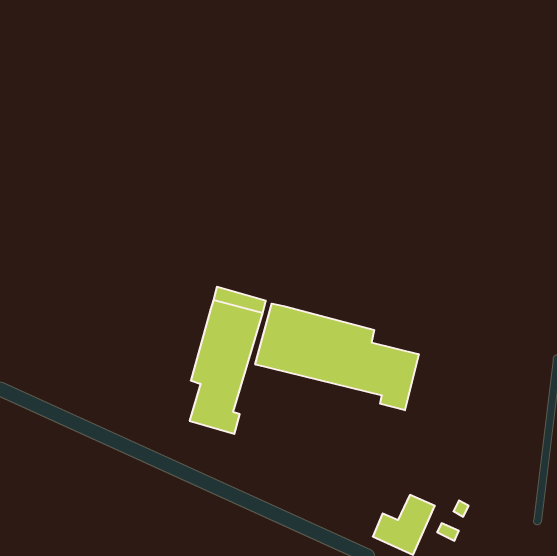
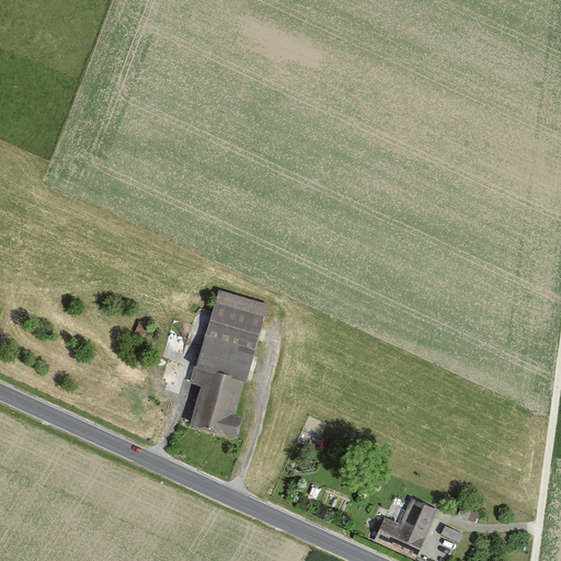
building: [255,304,419,410] -> none

